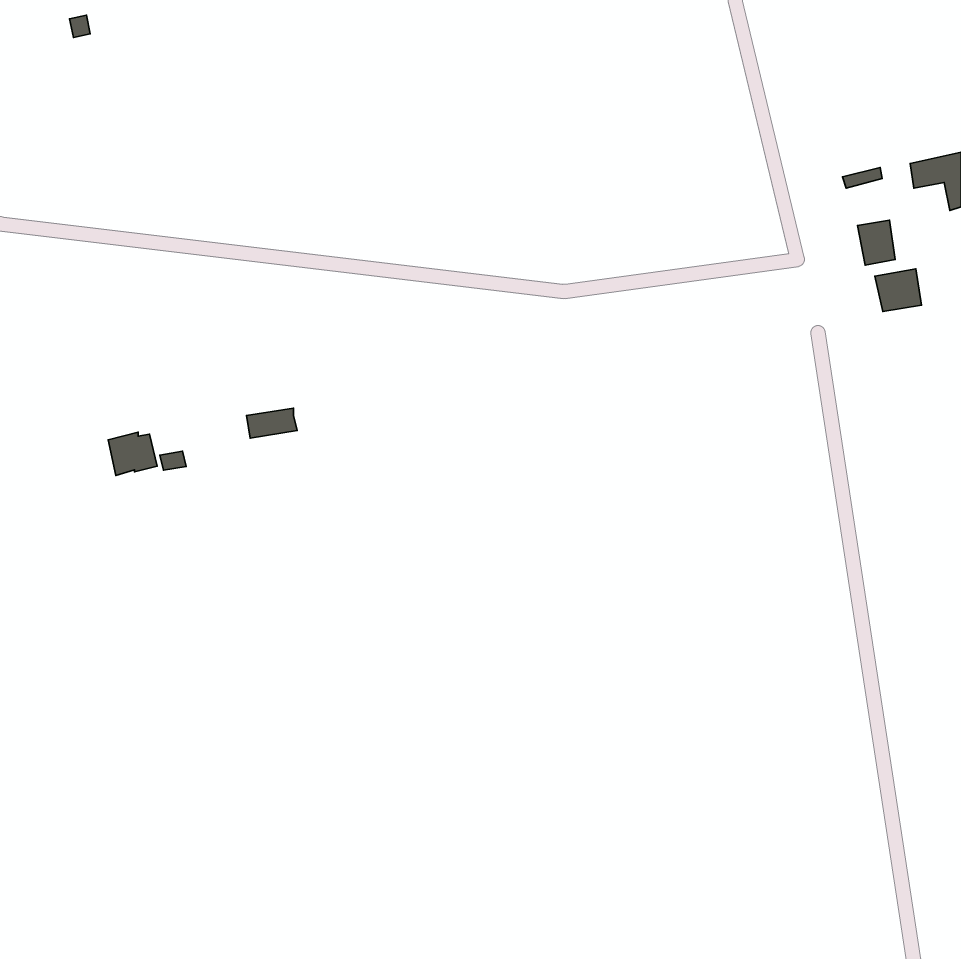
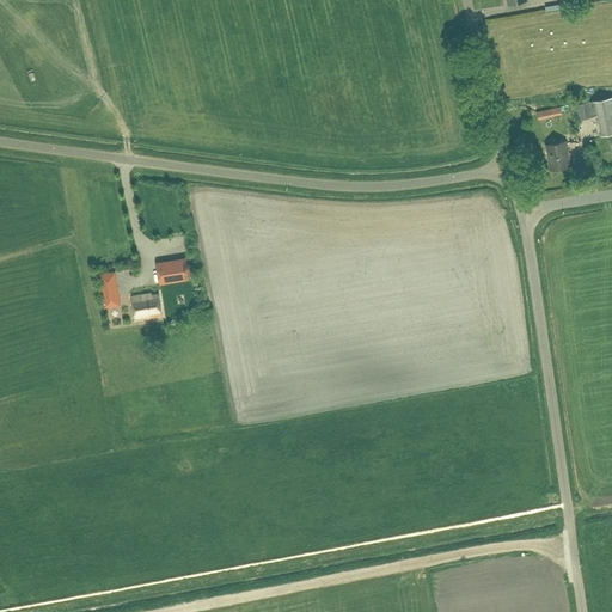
building: [875,269,921,312] -> none
building: [108,432,157,476] -> [131,293,163,320]

